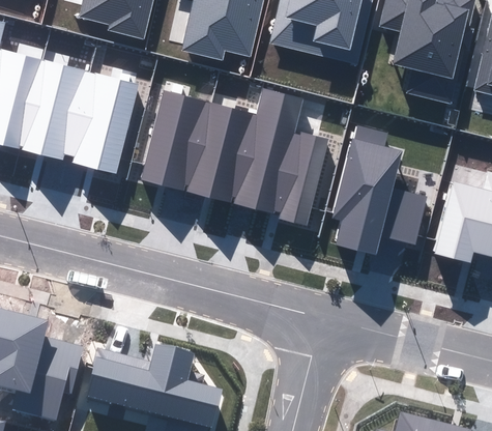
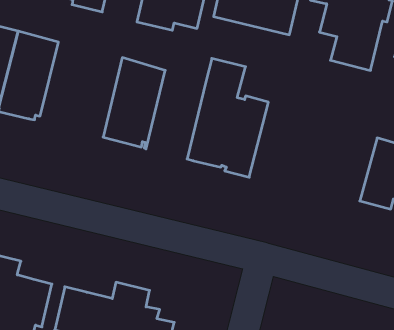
building: [69,71,139,174] -> none
building: [190,104,258,204] -> none
building: [330,126,428,255] -> none

